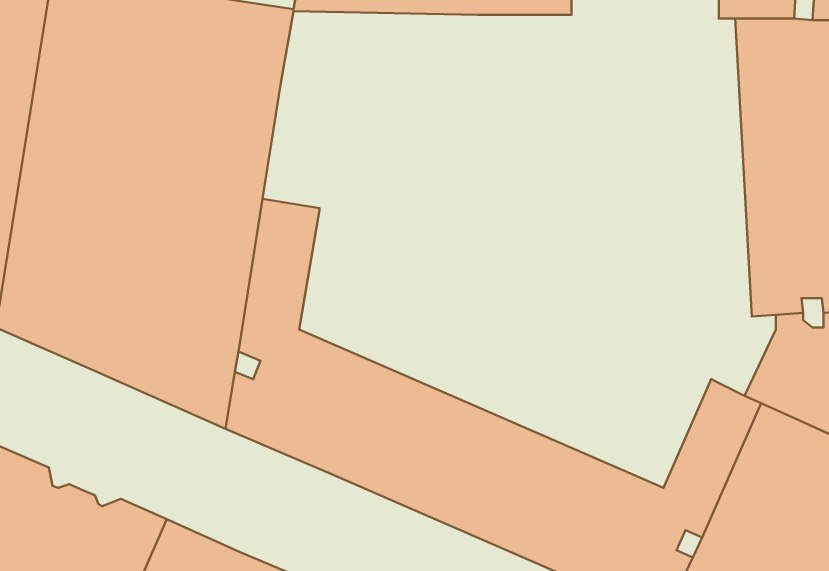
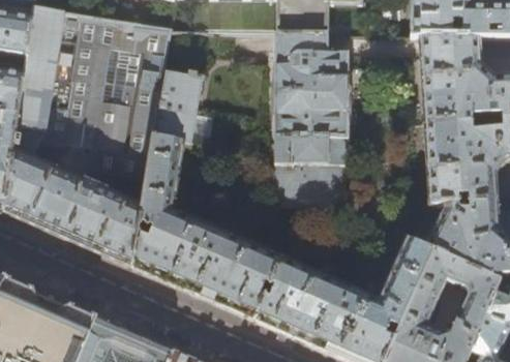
building: none -> [273,32,348,205]
building: none -> [153,70,202,143]

